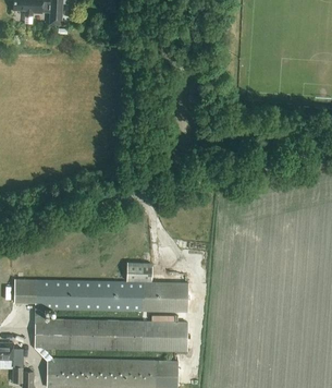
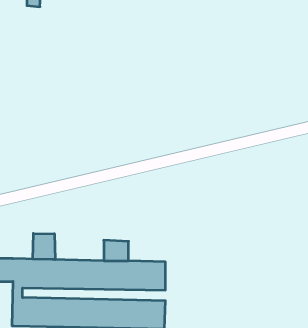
building: none -> [33,233,55,260]

